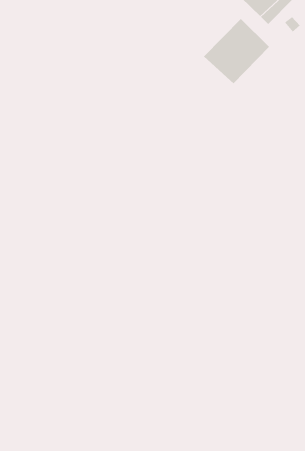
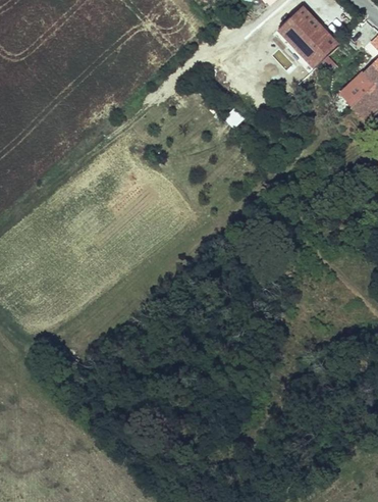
building: [203,18,270,84] -> none

